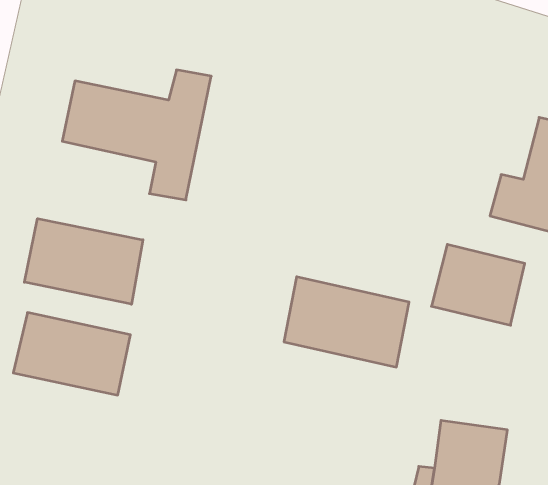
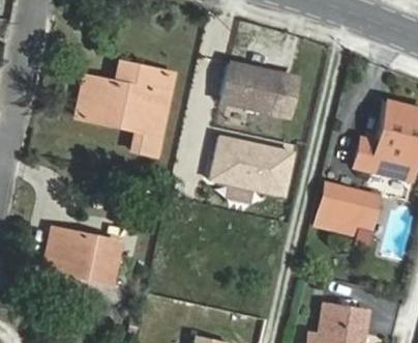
building: none -> [221,62,278,113]
building: [24,219,143,304] -> none
building: [284,277,409,367] -> [212,135,294,194]

